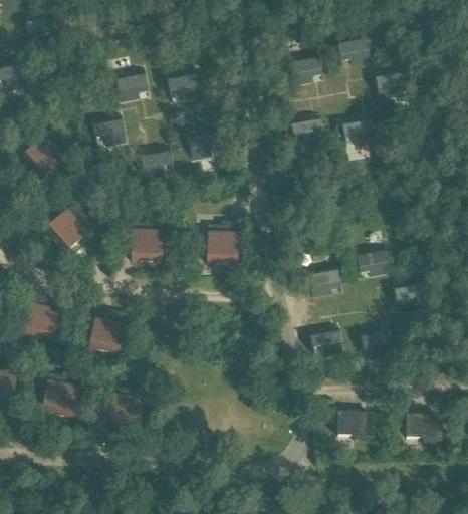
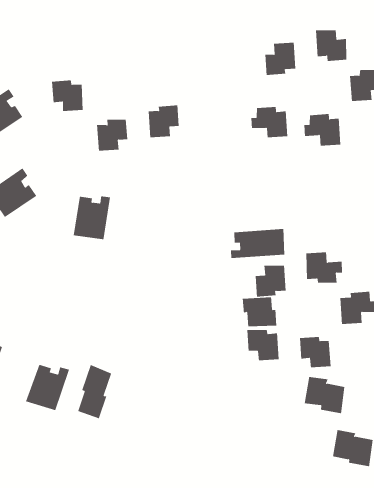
building: [116,67,148,101] -> none
building: [166,69,200,100] -> none
building: [208,223,238,265] -> none
building: none -> [230,228,285,259]
building: none -> [242,296,277,327]
building: [88,312,127,355] -> none
building: none -> [78,364,112,419]
building: [337,411,375,442] -> [304,377,345,414]

